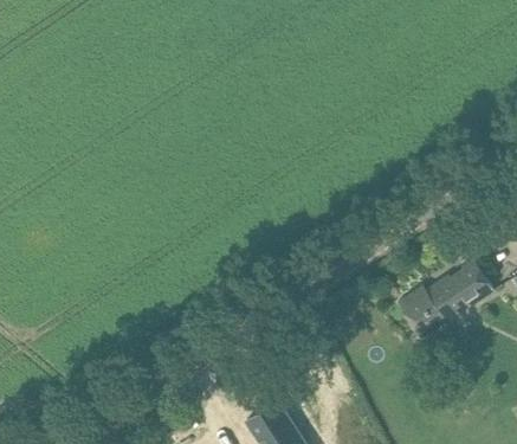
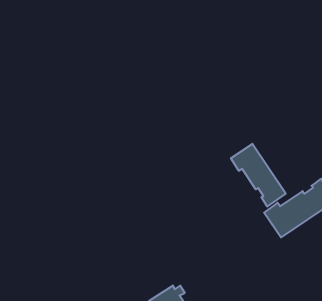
building: none -> [231,144,286,207]

